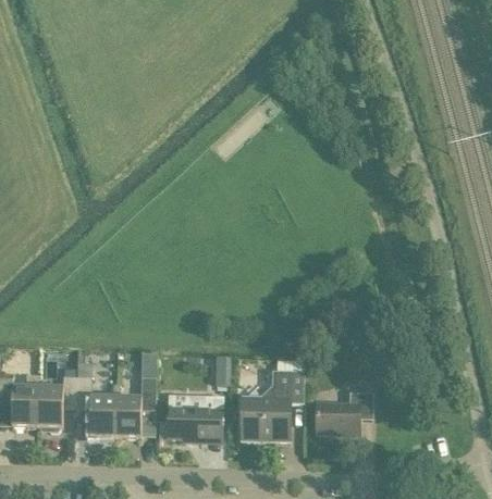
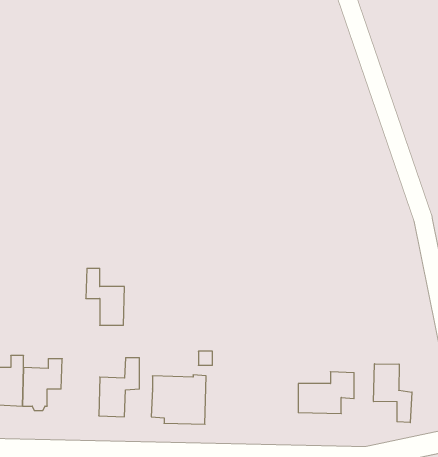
building: [241,359,304,439] -> none
building: [75,377,114,435] -> [86,268,124,325]
building: none -> [374,364,412,423]

